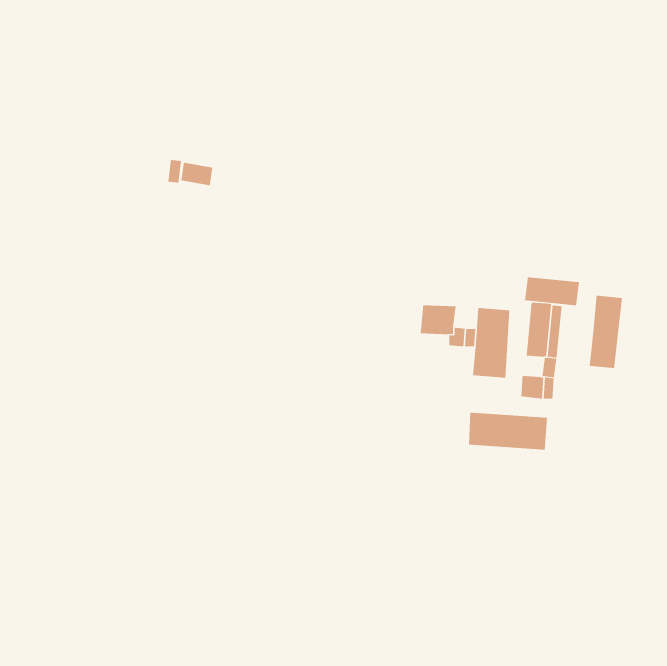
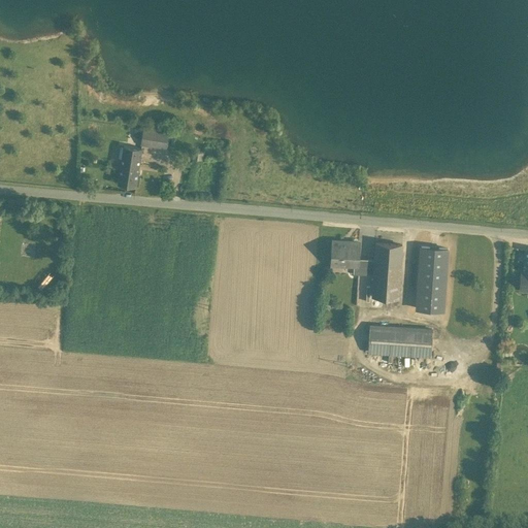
building: none -> [119,146,143,188]
building: [524,277,580,306] -> none
building: [589,295,623,369] -> none

